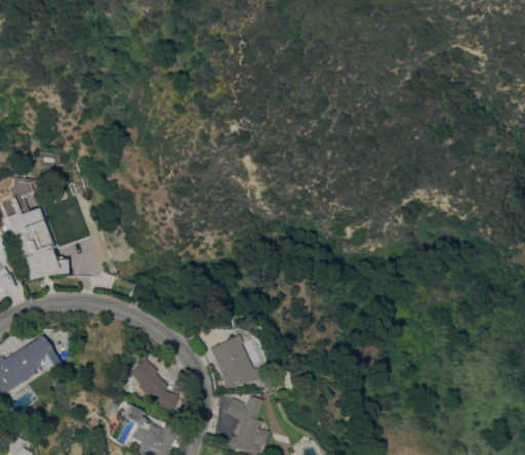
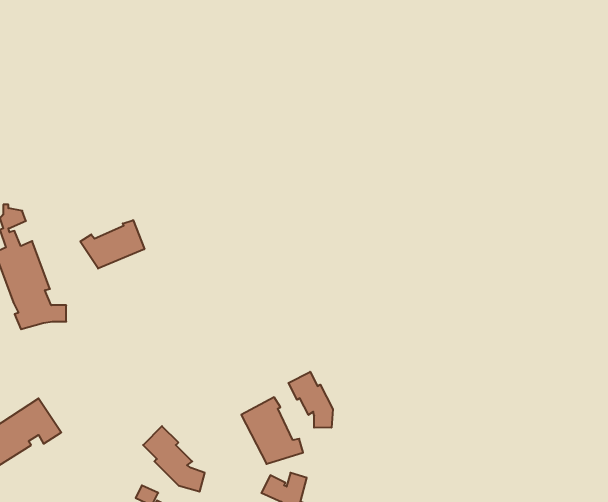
building: none -> [80,220,144,269]
building: none -> [288,372,333,428]

